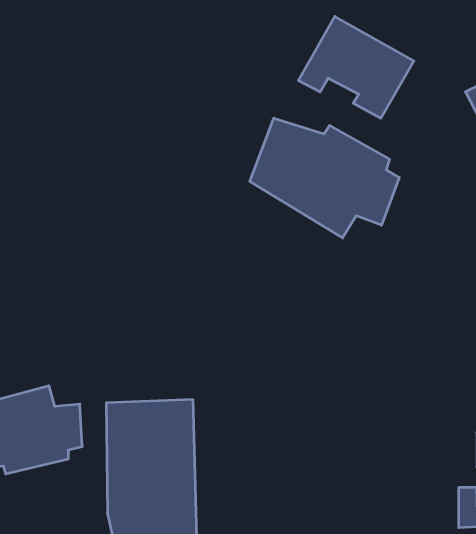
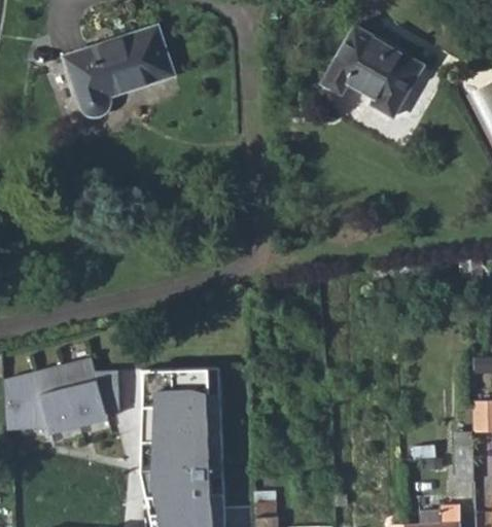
building: none -> [62,27,171,116]
building: [250,118,399,238] -> none

